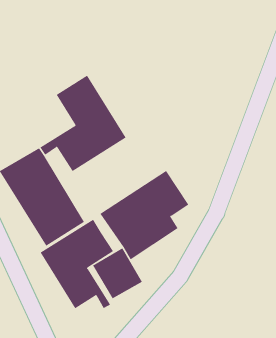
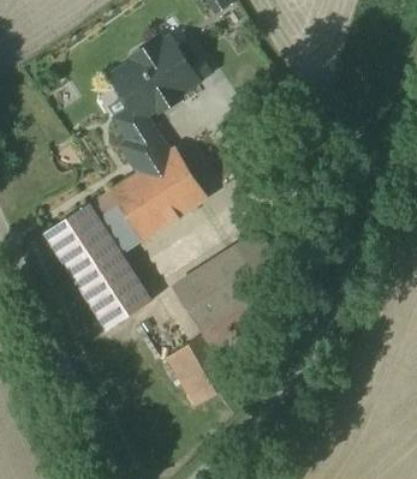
building: none -> [108,32,201,119]
building: [40,219,114,309] -> none

